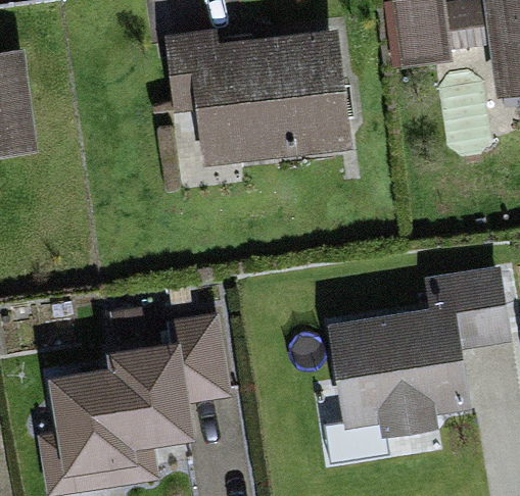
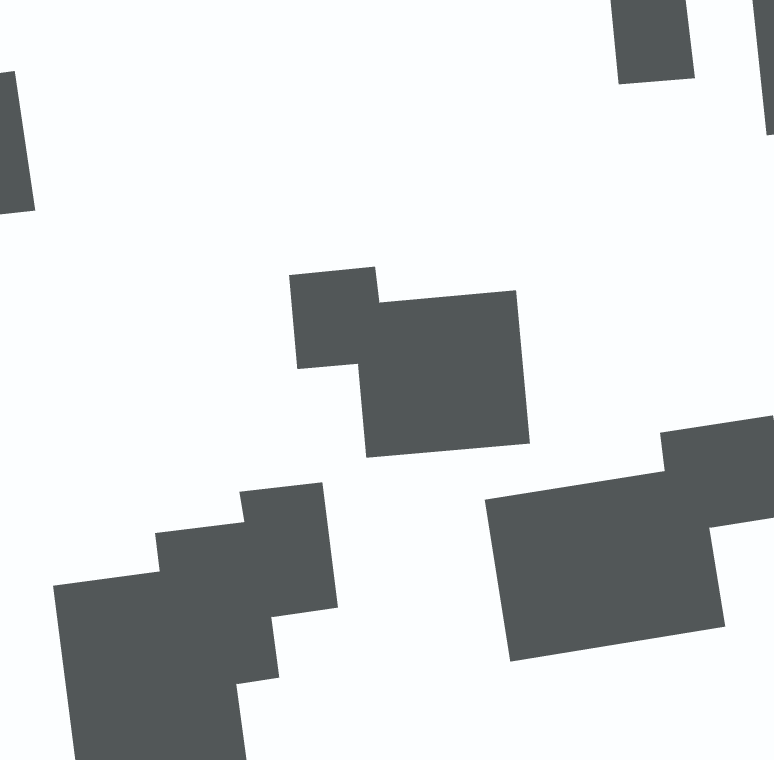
building: [169,31,350,159] -> none
building: none -> [288,266,531,459]

